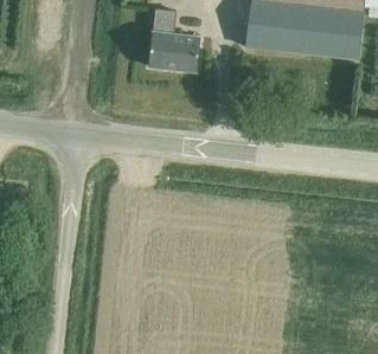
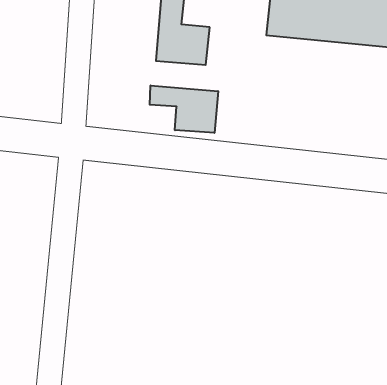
building: none -> [150,85,218,133]

